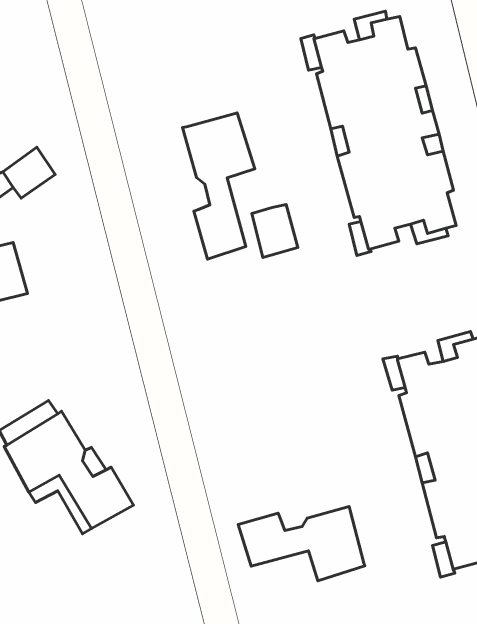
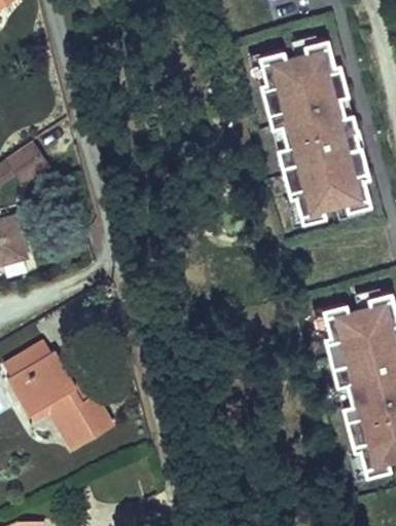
building: [183,113,255,259] -> none
building: [252,204,298,257] -> none
building: [238,506,365,581] -> none

